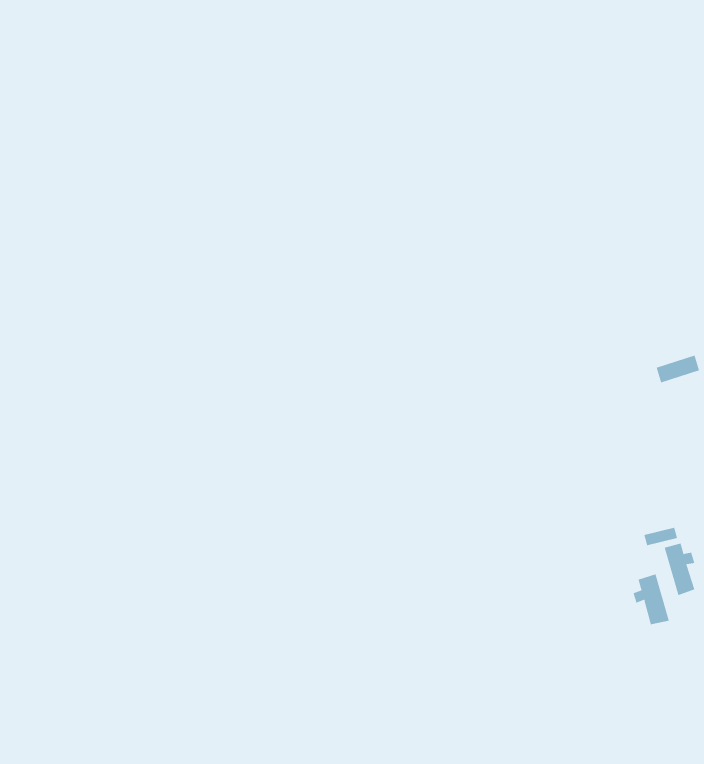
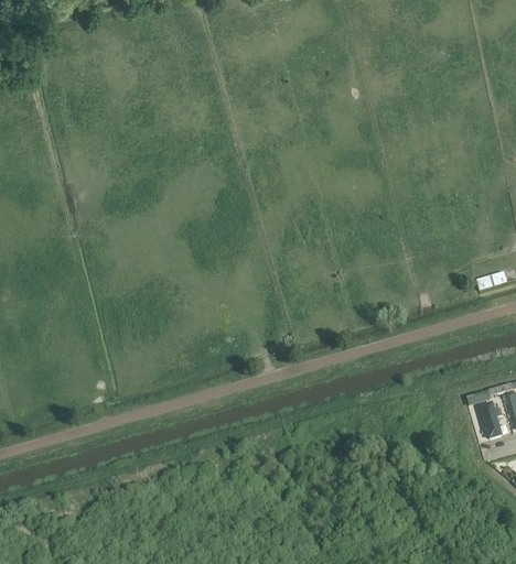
building: [633,574,670,625] -> none

